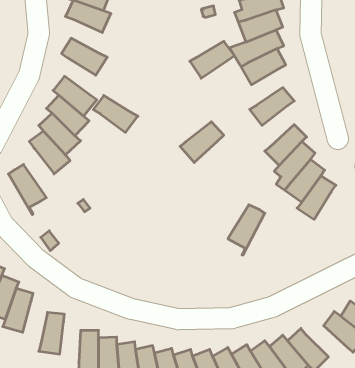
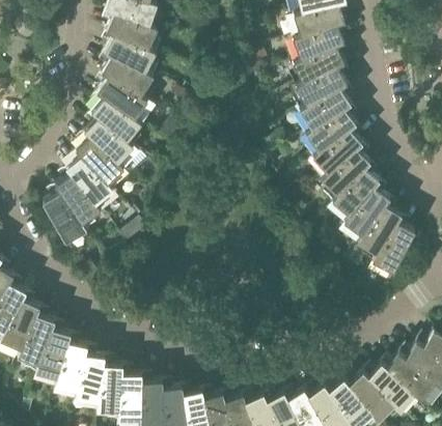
building: none -> [105,37,155,75]
building: [190,41,234,78] -> [302,91,351,132]
building: [93,95,138,132] -> [98,80,146,120]
building: [180,122,224,163] -> [314,132,362,176]
building: none -> [56,178,99,225]
building: [228,205,265,255] -> [374,226,414,281]
building: none -> [56,345,87,392]
building: none -> [368,367,414,413]
building: none -> [98,368,123,413]

